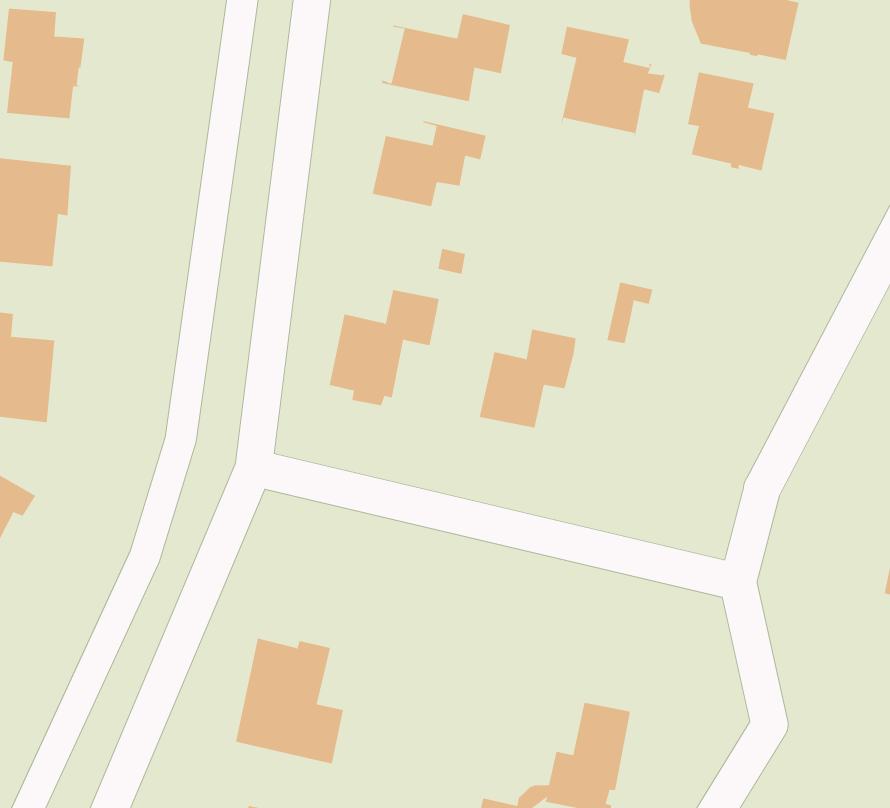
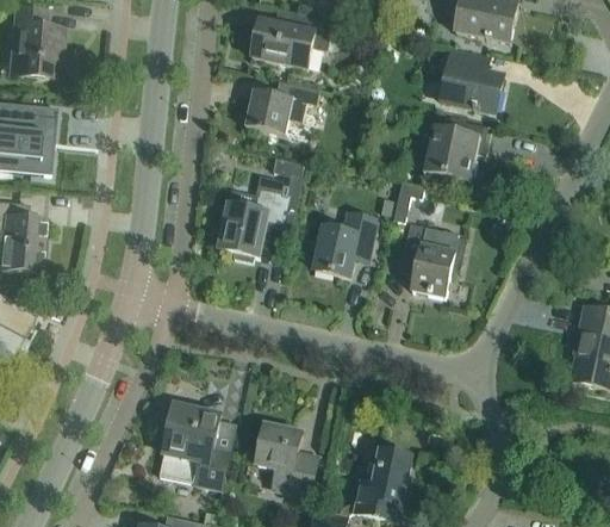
building: [561,26,666,137] -> [422,111,488,181]
building: none -> [400,221,456,296]
building: none -> [256,423,316,495]

